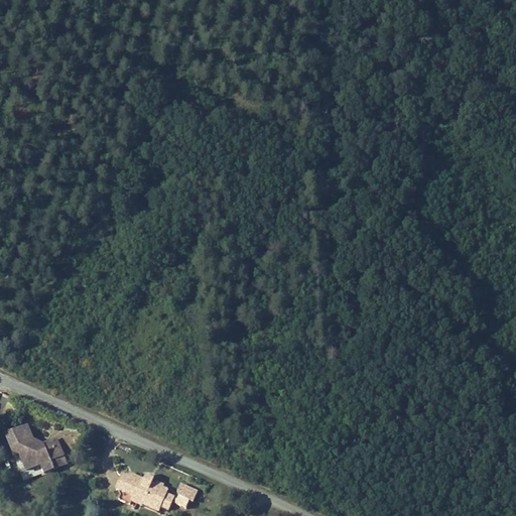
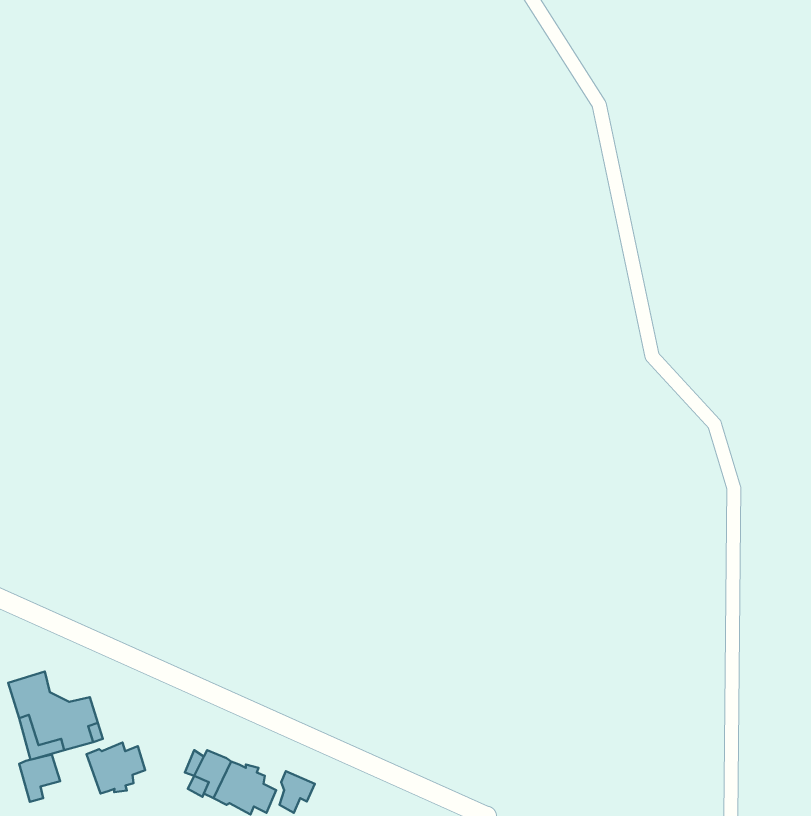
building: none -> [86,743,145,794]
building: none -> [19,755,60,802]

